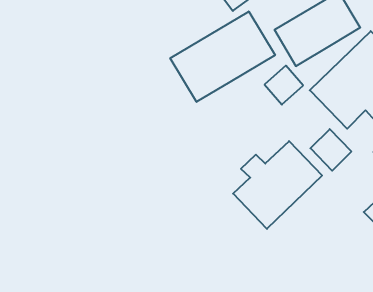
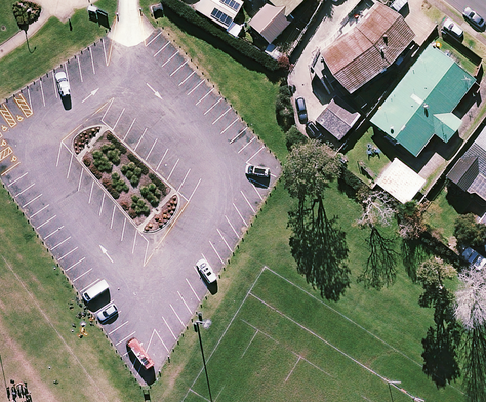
building: [170,11,275,102] -> none
building: [233,141,322,229] -> none

